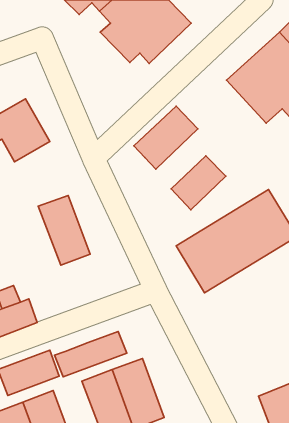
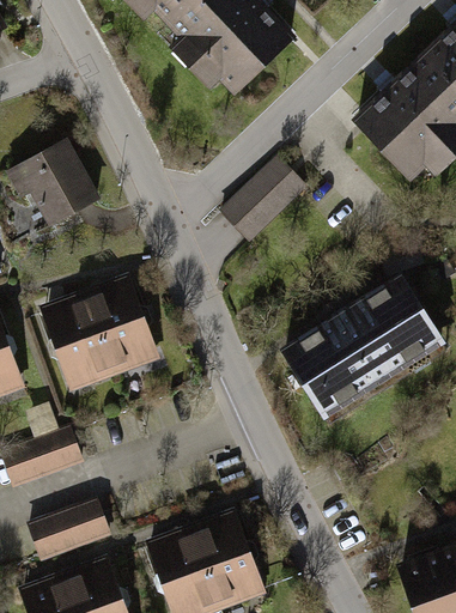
building: [171,156,226,210] -> none
building: none -> [41,295,116,395]
building: [54,332,127,377] -> none

